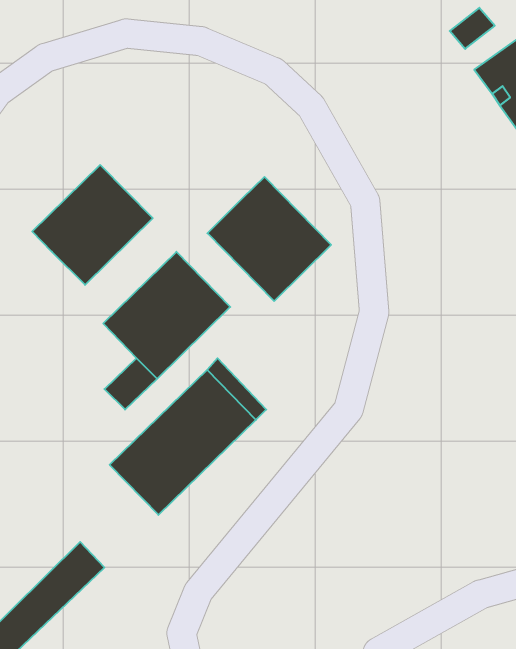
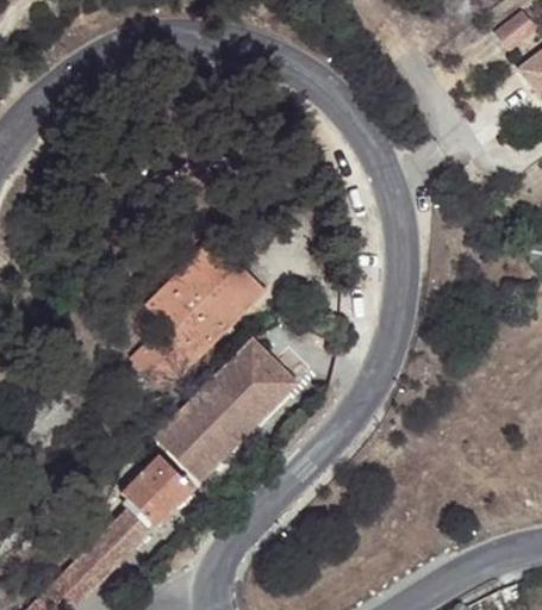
building: [32,165,153,285] -> none
building: [207,177,331,301] -> none
building: none -> [117,455,195,527]

